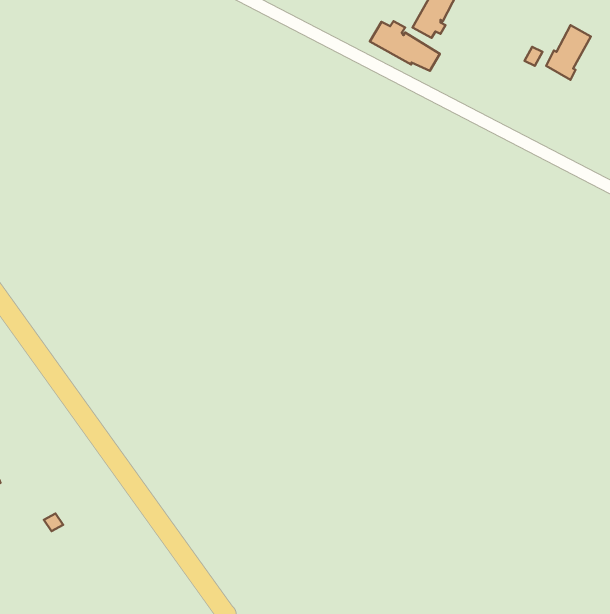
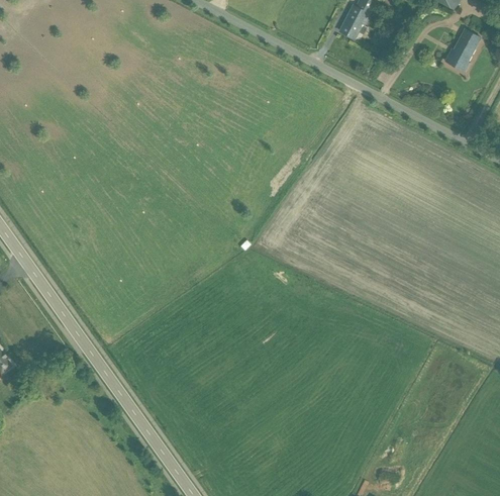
building: [370,21,440,71] -> none

